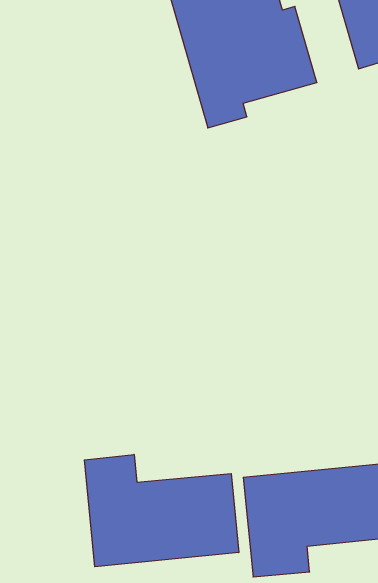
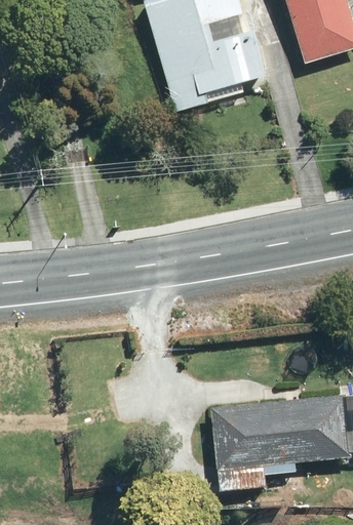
building: [84,454,239,567] -> none

